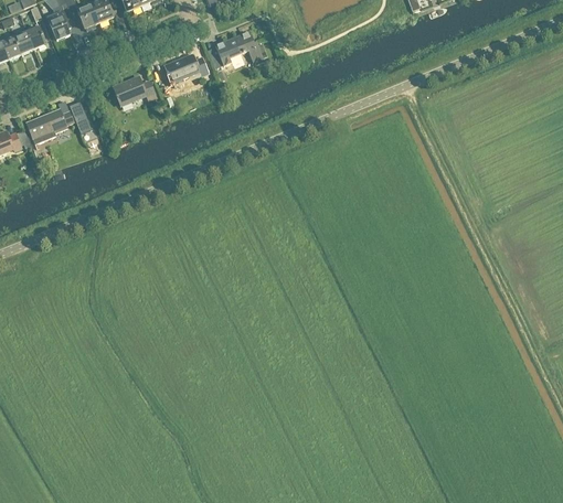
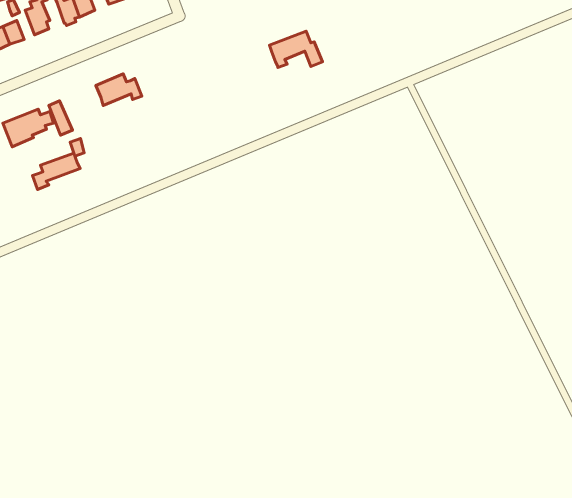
building: [214,31,264,65] -> [270,31,323,68]
building: [163,53,208,84] -> none
building: none -> [33,153,80,189]

